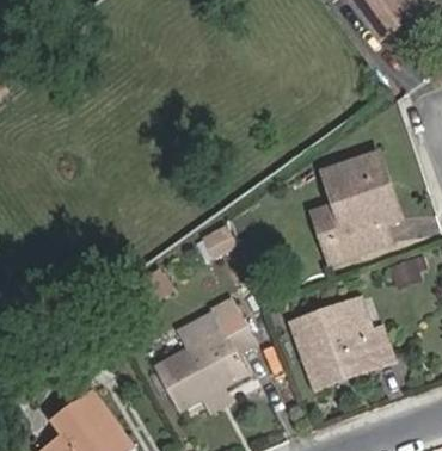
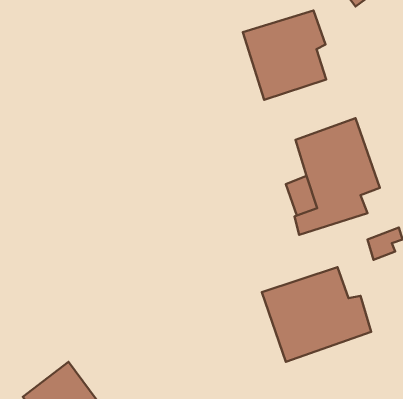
building: none -> [243,10,326,100]
building: [153,297,258,410] -> none

